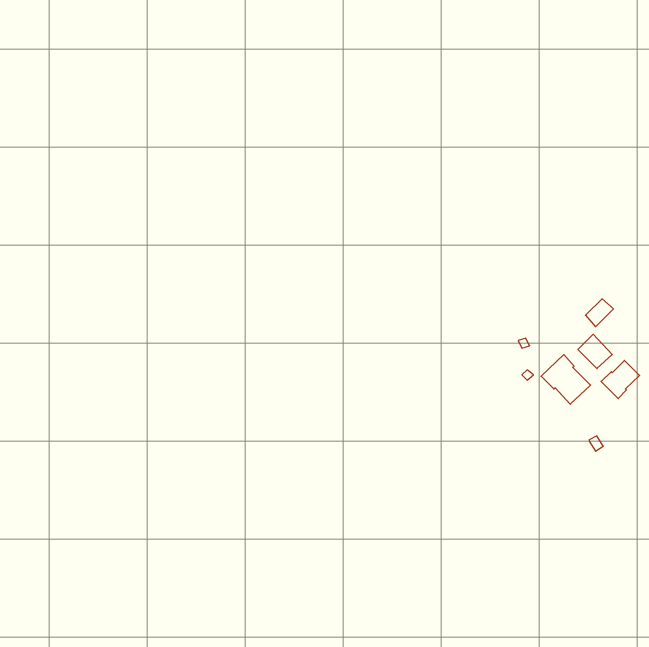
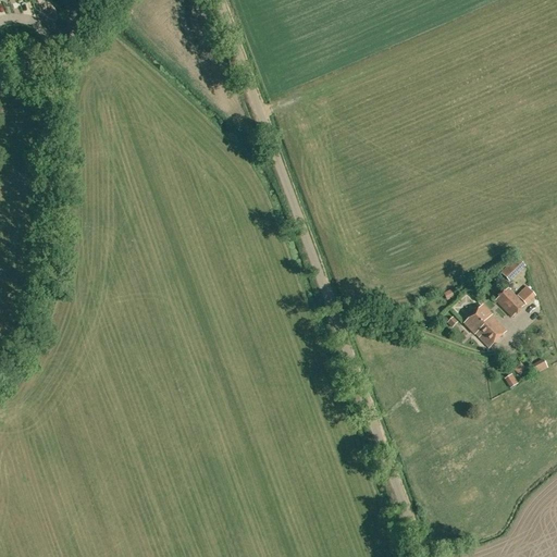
building: [601,360,640,399] -> none

